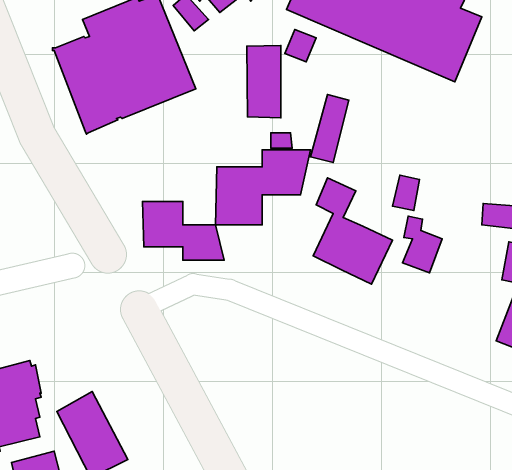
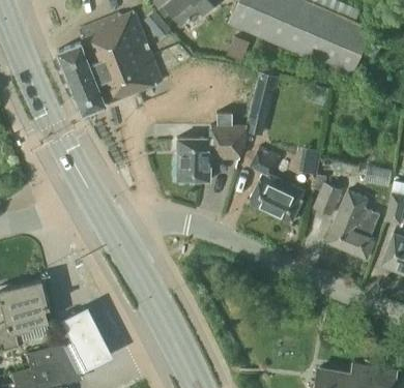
building: [247,45,281,118] -> none
building: [143,201,224,260] -> none
building: none -> [326,190,379,259]

